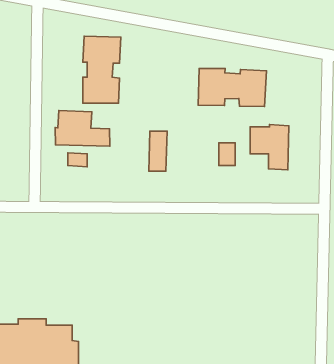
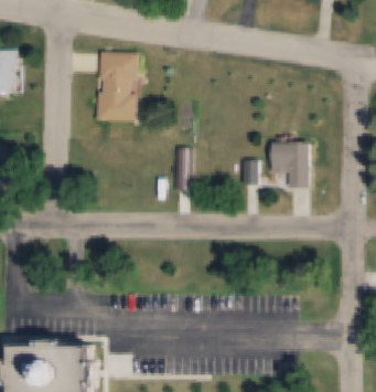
building: [198,68,266,106] -> none
building: [55,110,110,146] -> none

